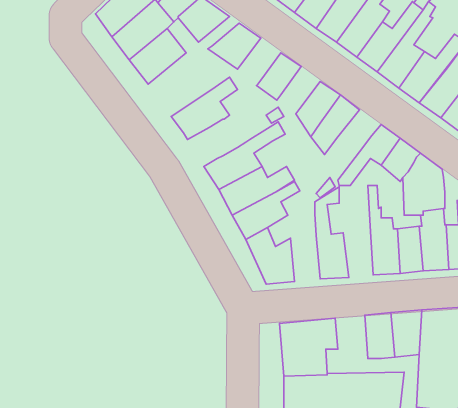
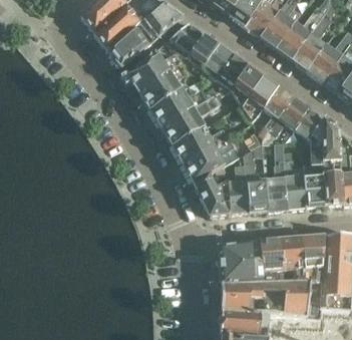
building: none -> [188,33,220,67]
building: none -> [126,50,182,91]
building: none -> [217,54,249,89]
building: none -> [150,83,208,128]
building: none -> [259,86,294,136]
building: none -> [266,141,288,211]
building: none -> [227,163,249,214]
building: none -> [260,239,284,273]

